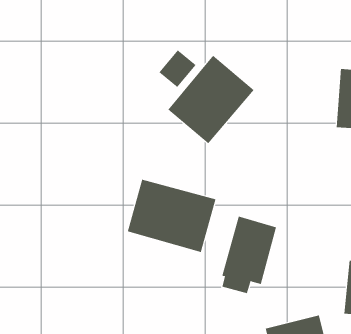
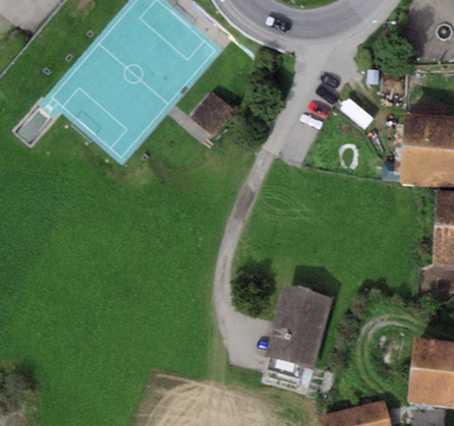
building: [167,55,255,144] -> none
building: [127,179,216,253] -> none

